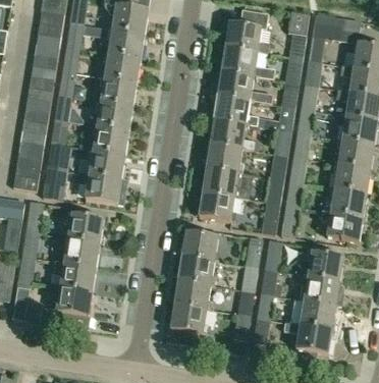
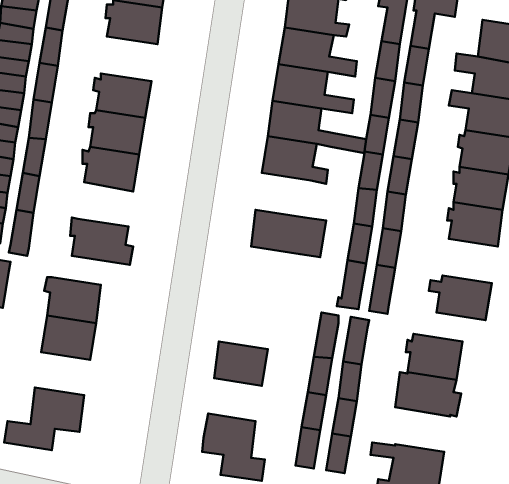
building: [104,52,142,81] -> none
building: [207,143,243,172] -> none
building: [88,149,125,178] -> none
building: [330,186,368,216] -> none
building: [200,191,236,221] -> none
building: [182,229,218,260] -> none
building: [52,260,97,290] -> none
building: [175,279,211,308] -> none
building: [297,298,336,328] -> none

